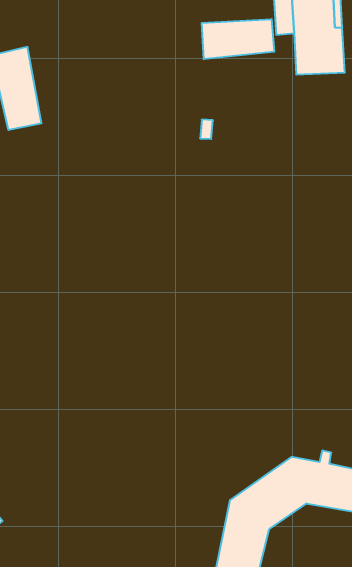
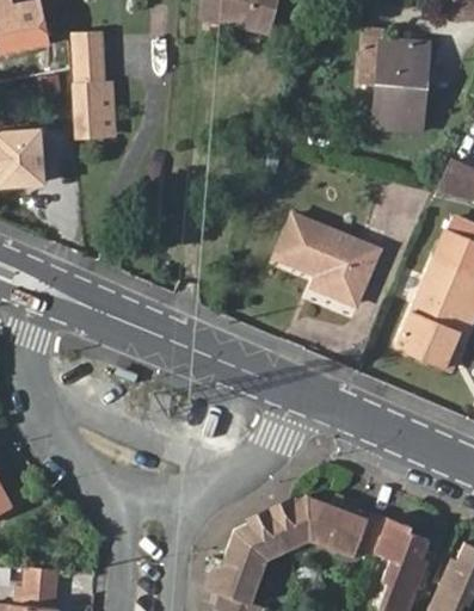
building: [202,19,274,59] -> none
building: none -> [278,215,381,304]

